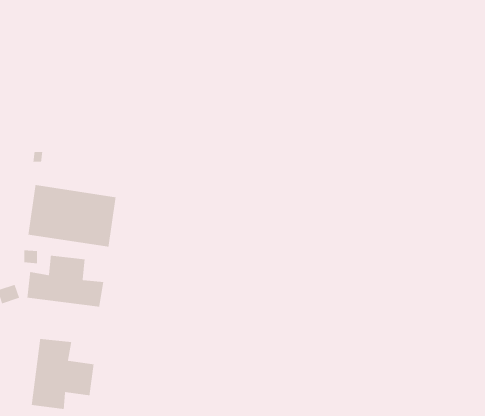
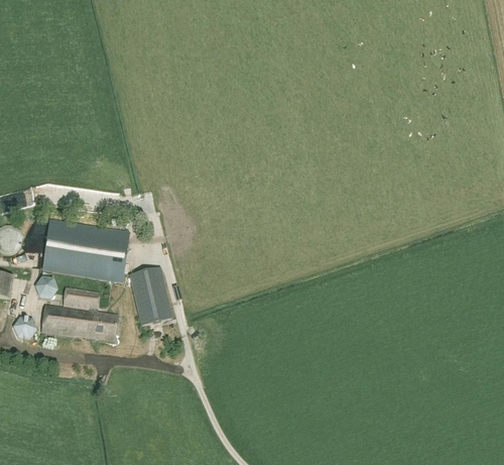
building: none -> [129,268,171,325]
building: [31,338,95,410] -> none

